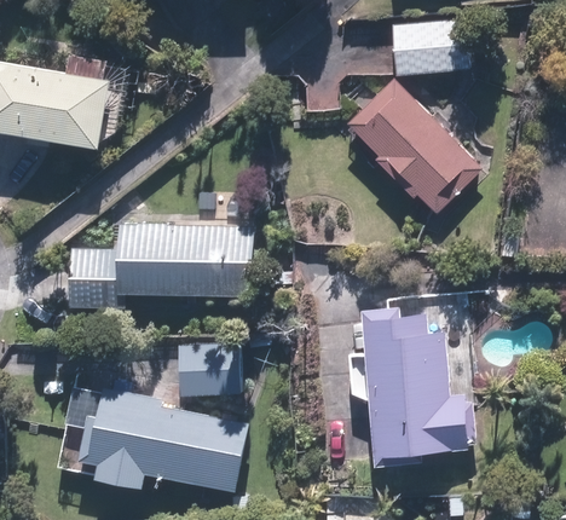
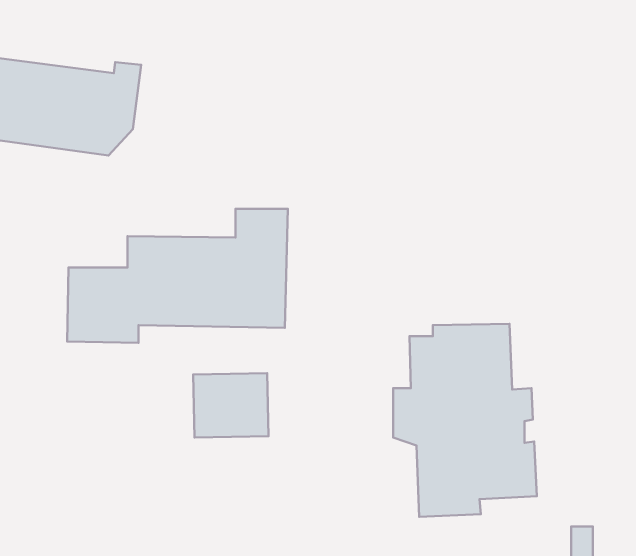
building: [342,21,485,216] -> none
building: [48,380,250,495] -> none

